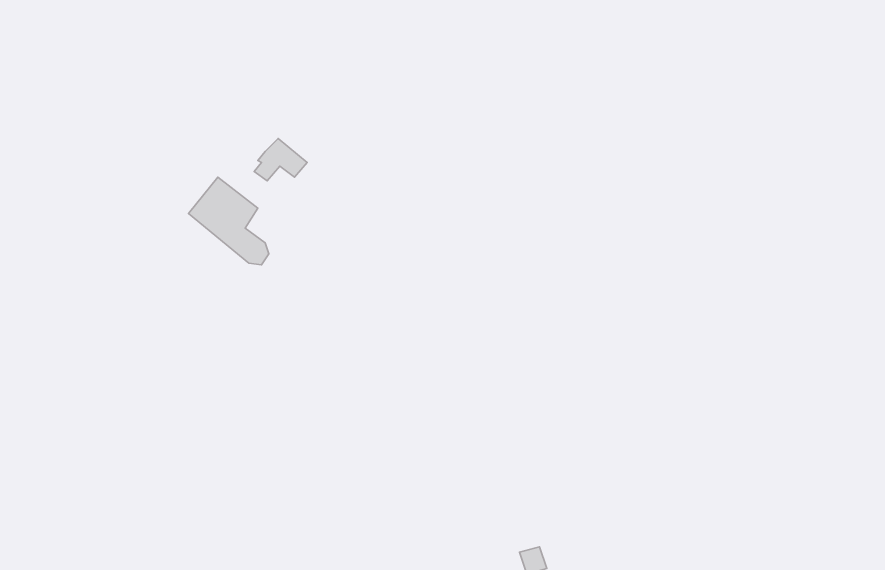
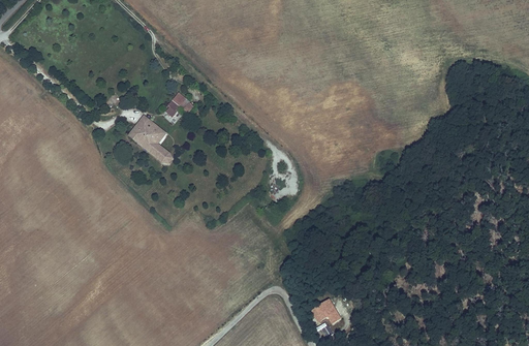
building: none -> [310,297,340,321]

